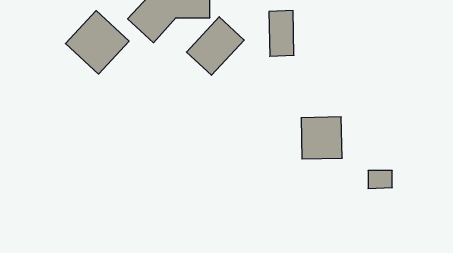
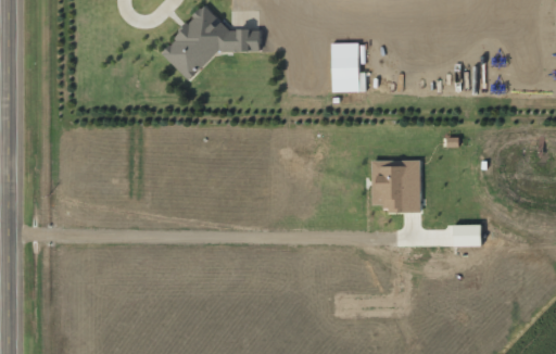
building: [65,11,129,74] -> none
building: [186,17,244,75] -> none

